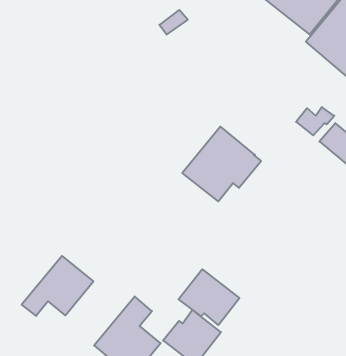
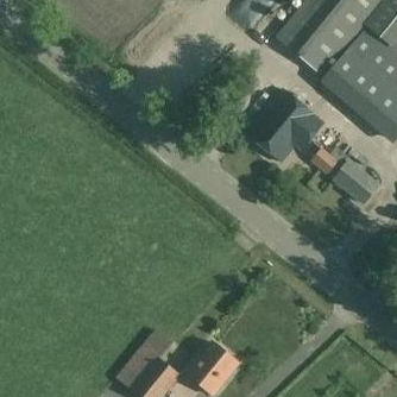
building: [182,127,261,201] -> [247,89,323,162]
building: [22,256,93,316] -> none
building: [178,269,239,325] -> none

